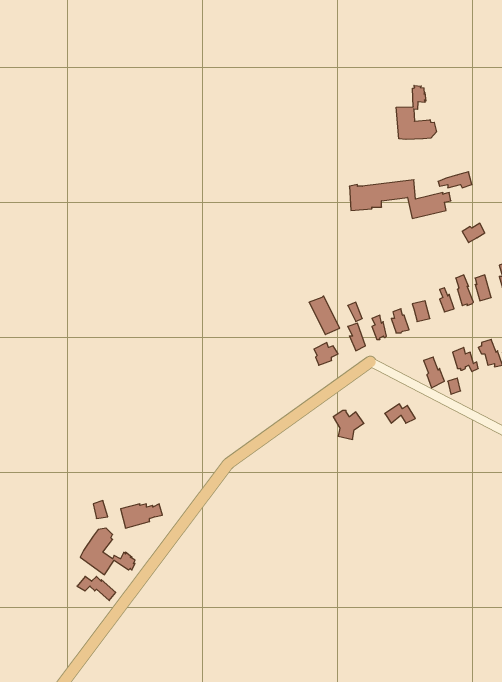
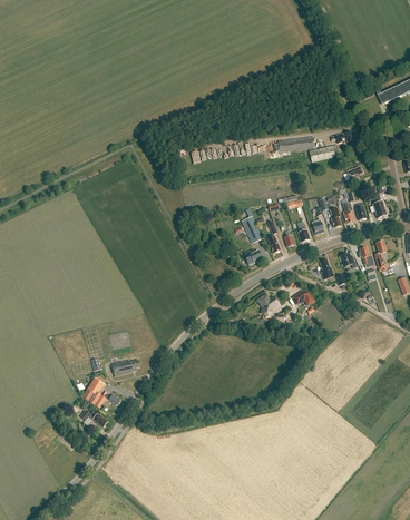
building: [396,85,436,139] -> none

